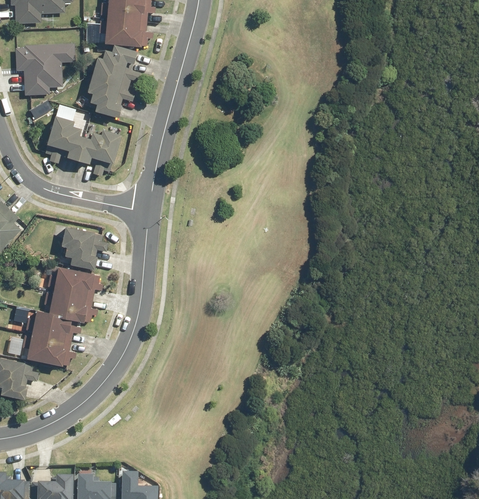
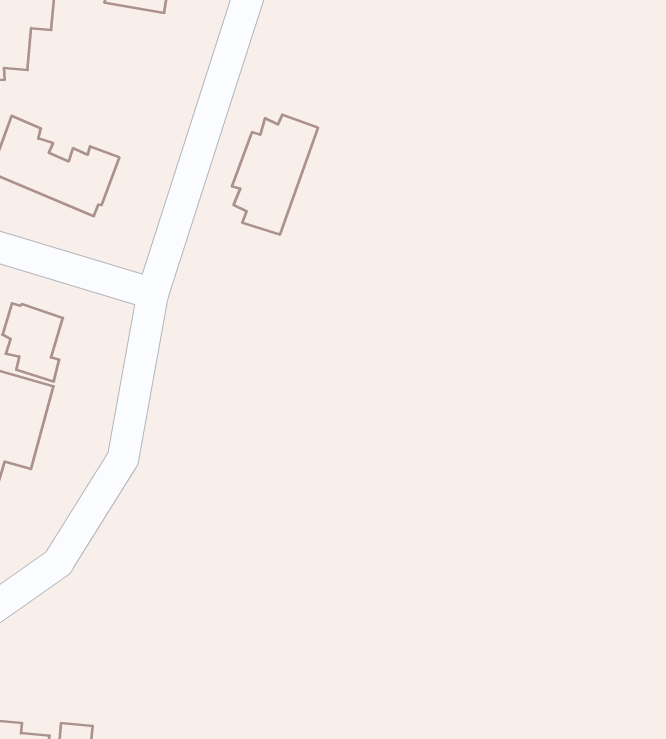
building: [89,46,137,117] -> [232,115,318,234]

